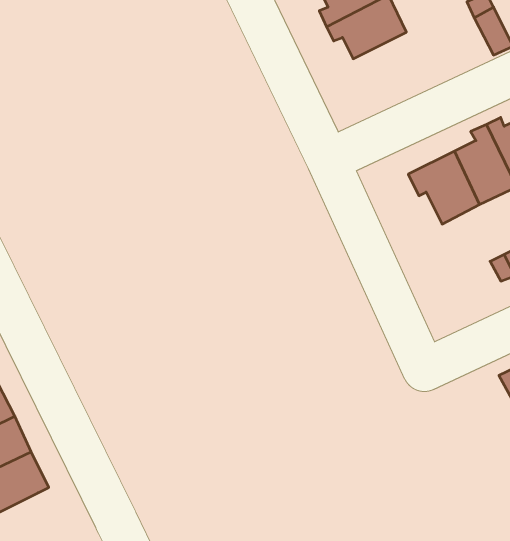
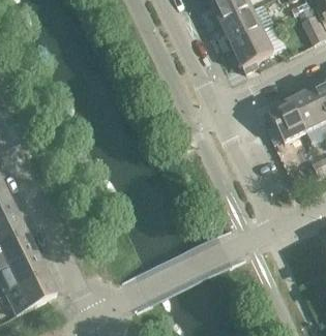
building: none -> [232,30,273,72]

